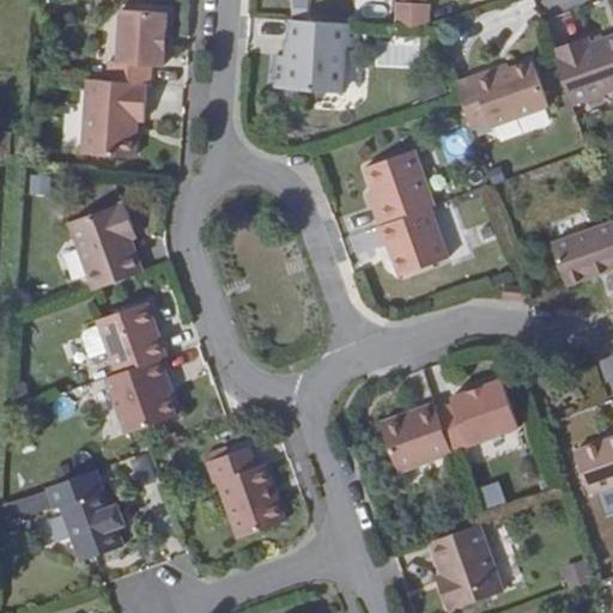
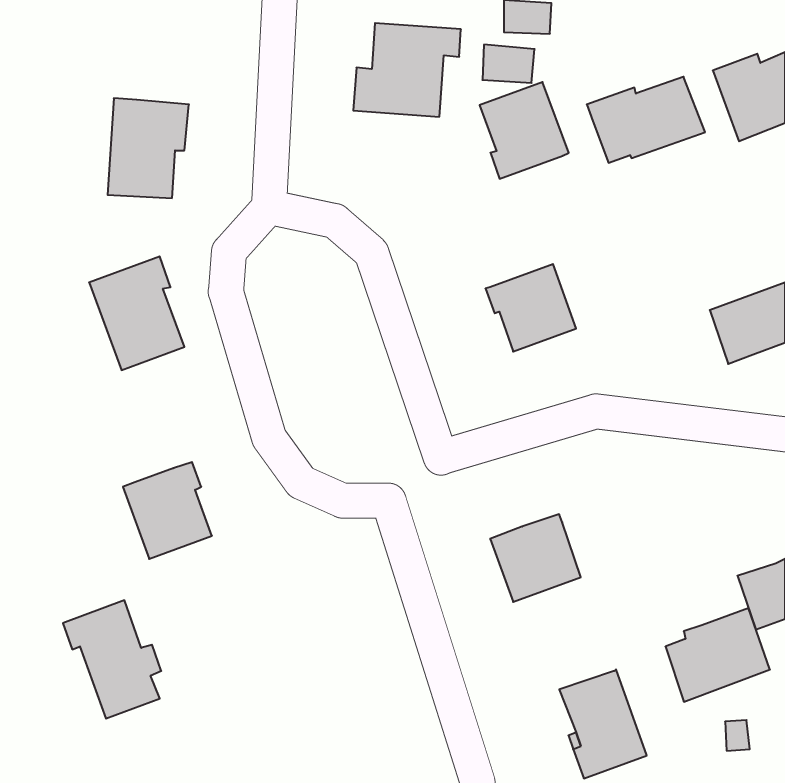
building: [107,8,165,81] -> none
building: [366,148,436,224] -> [480,82,569,179]
building: [86,305,154,376] -> none
building: [438,377,520,450] -> [665,608,770,702]
building: [202,445,283,536] -> none

